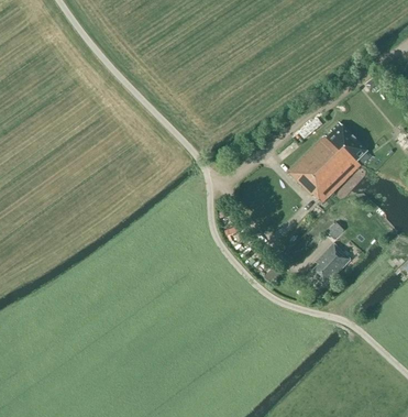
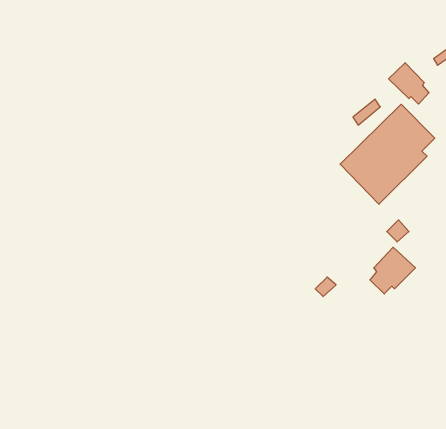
building: none -> [389,63,429,104]

